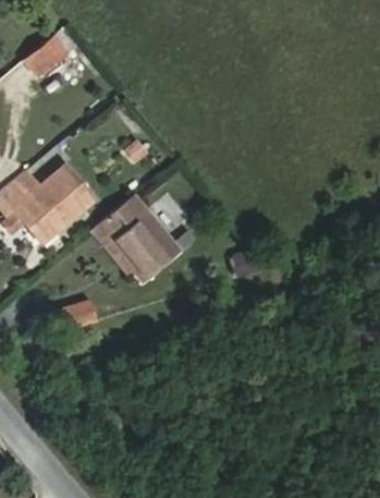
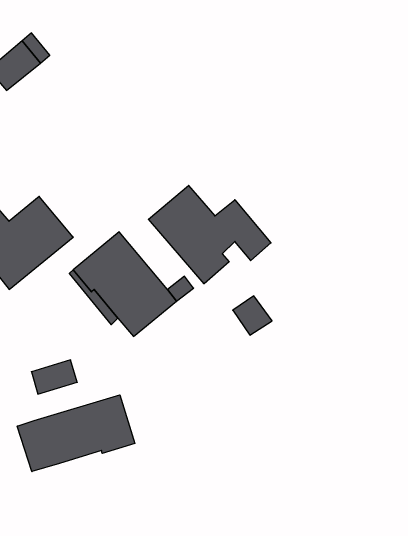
building: none -> [148,185,271,284]
building: none -> [17,395,135,472]

